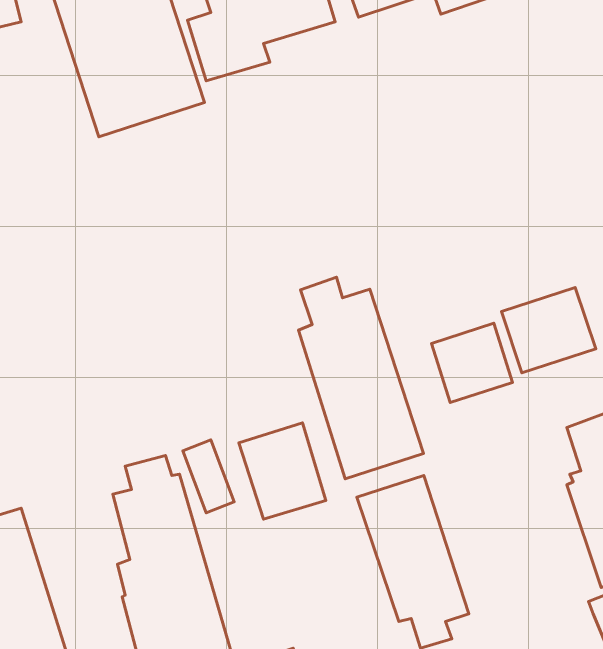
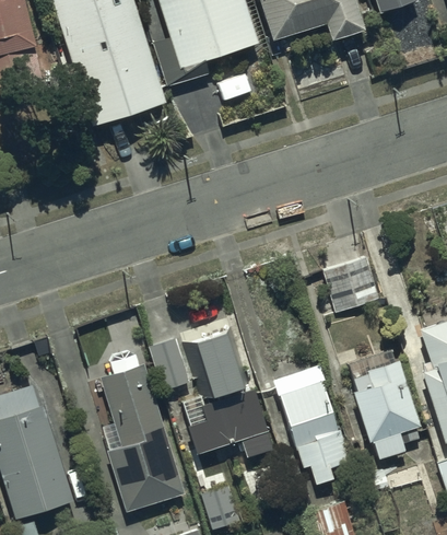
building: [298,277,423,479] -> none
building: [501,287,596,373] -> none
building: none -> [349,351,421,457]
building: none -> [183,386,272,456]

